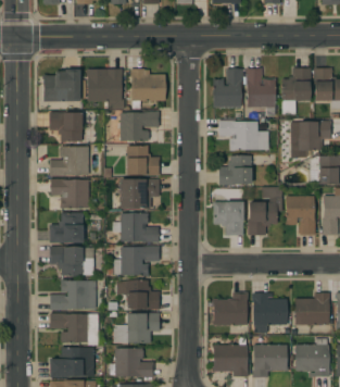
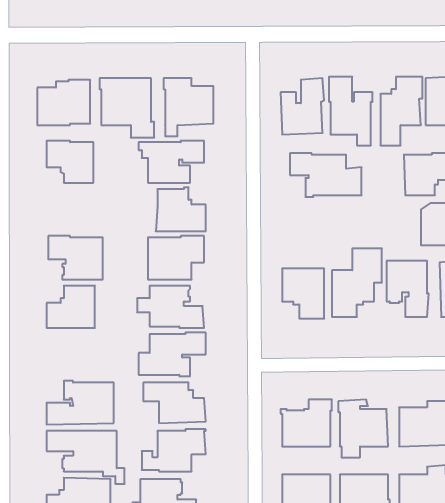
building: [49,147,89,176] -> none
building: [218,155,251,185] -> none
building: [49,246,93,276] -> none

